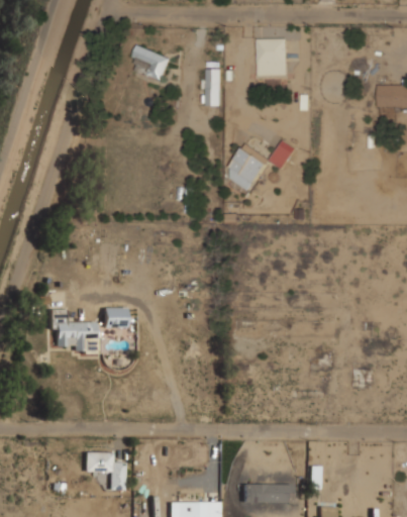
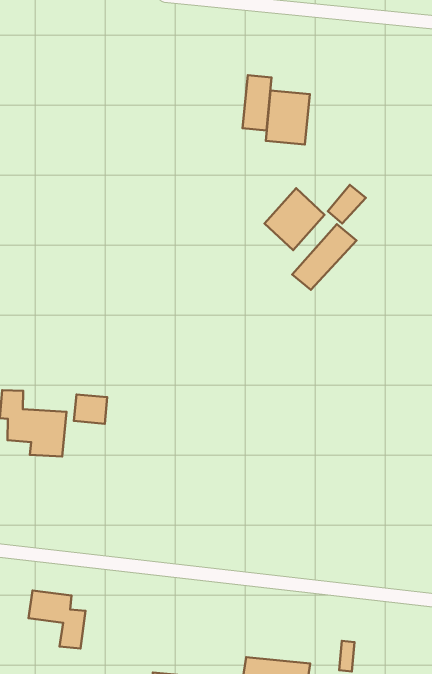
building: [258,39,286,76] -> [266,90,310,144]
building: [129,45,170,82] -> none
building: none -> [292,224,356,290]

